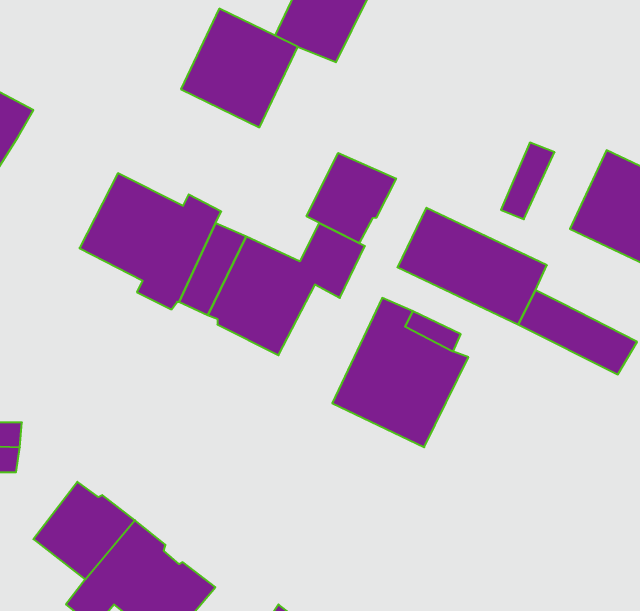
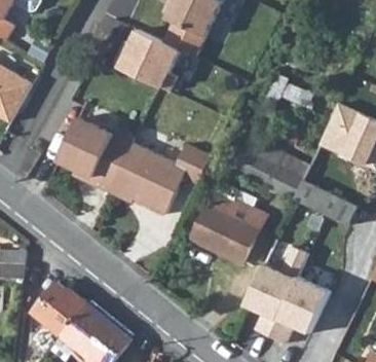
building: [307,153,396,243] -> none
building: none -> [248,248,329,346]

